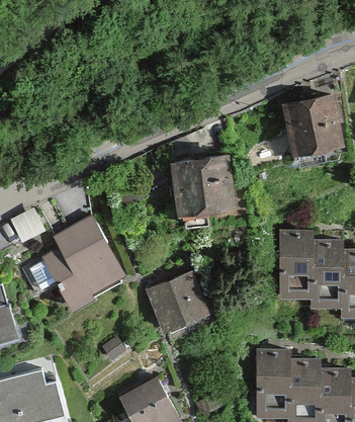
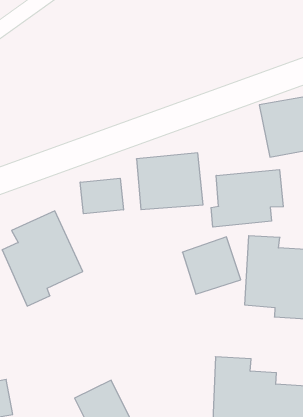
building: none -> [211,170,283,227]
building: none -> [80,178,123,214]
building: [149,274,206,331] -> [182,237,241,294]

